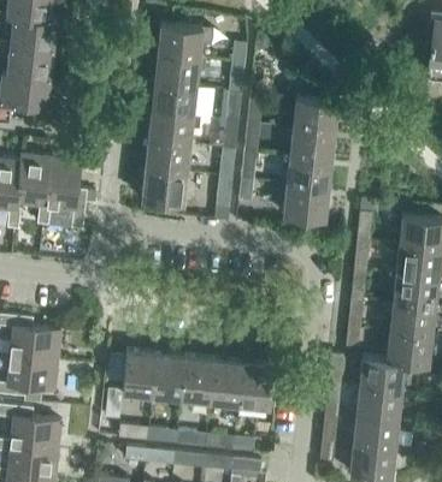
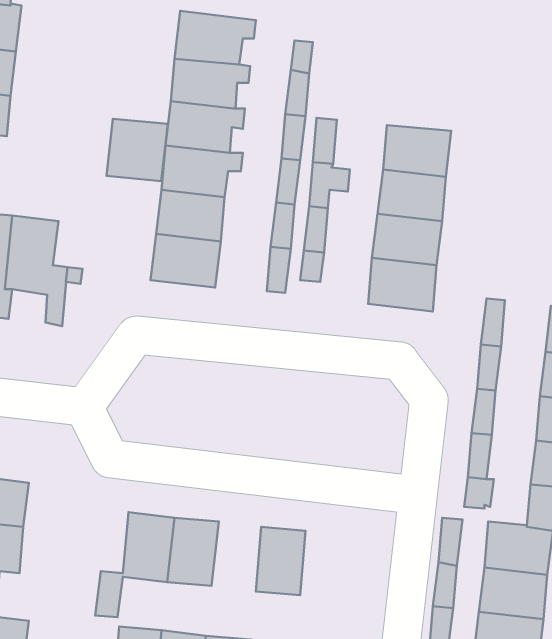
building: none -> [106,119,168,181]
building: [181,356,213,401] -> none
building: [238,362,272,407] -> none

